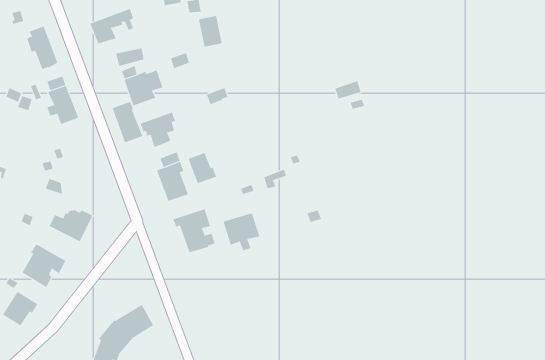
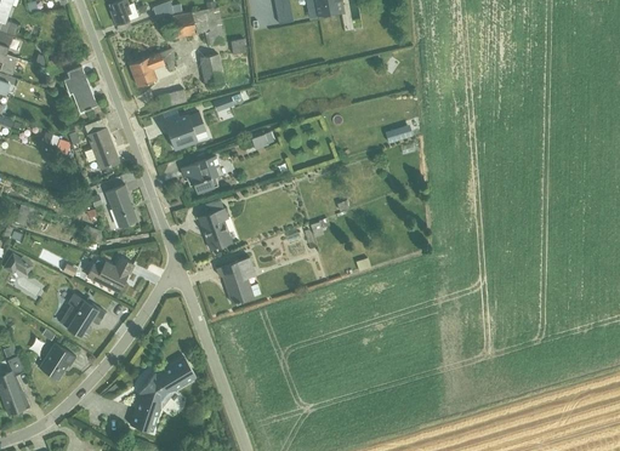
building: [198,16,223,47] -> [198,53,223,86]
building: [112,101,143,143] -> [104,184,137,228]
building: [188,152,217,184] -> none
building: [223,213,260,251] -> none

